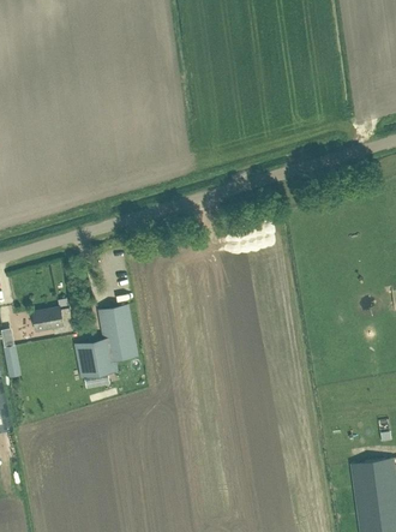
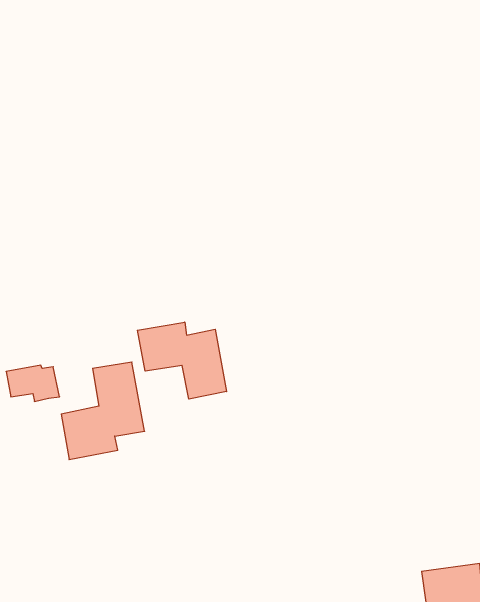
building: none -> [137,322,227,399]

